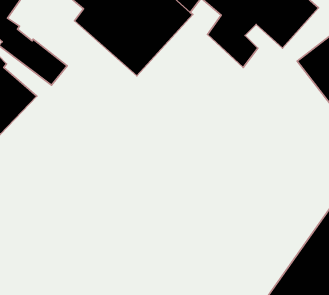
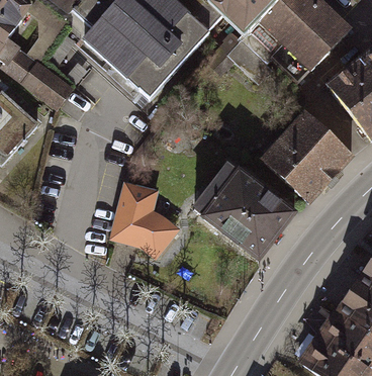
building: none -> [265,112,355,201]
building: none -> [191,164,297,264]
building: none -> [109,185,179,260]

